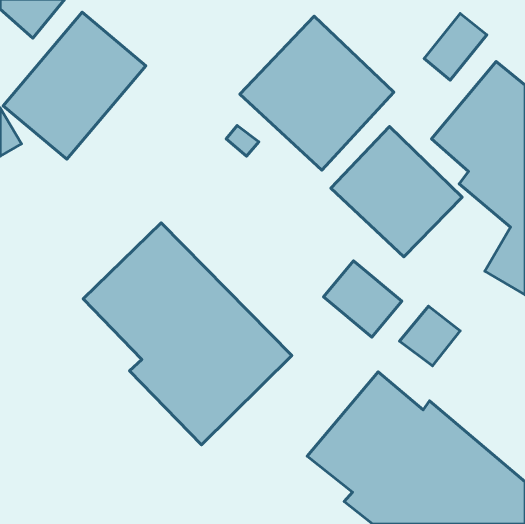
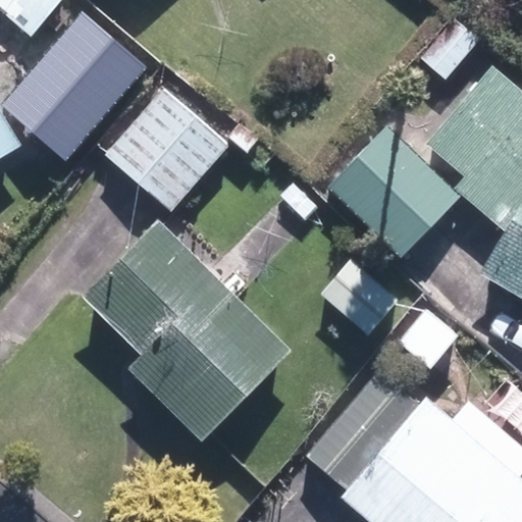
building: [240,16,394,170] -> none
building: none -> [104,90,227,213]

